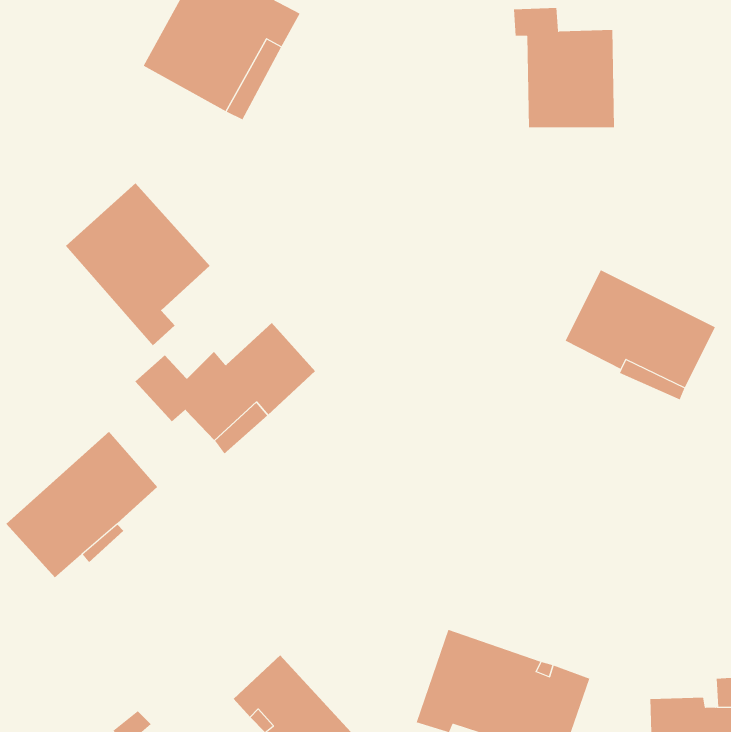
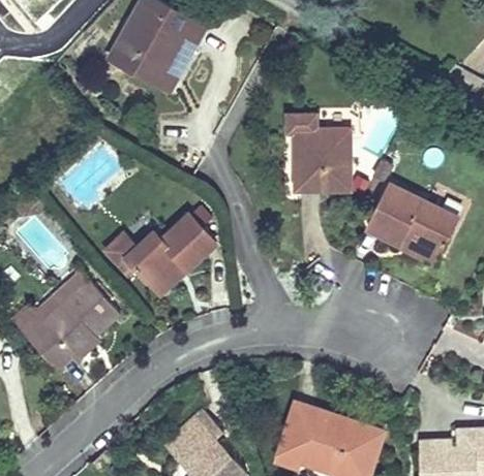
building: [513,7,615,128] -> [289,115,351,188]
building: [65,182,210,346] -> none

